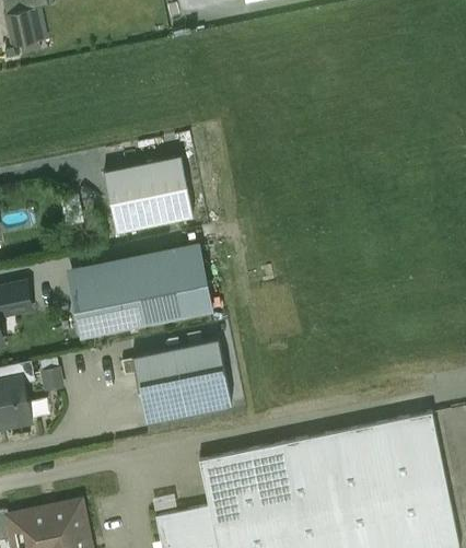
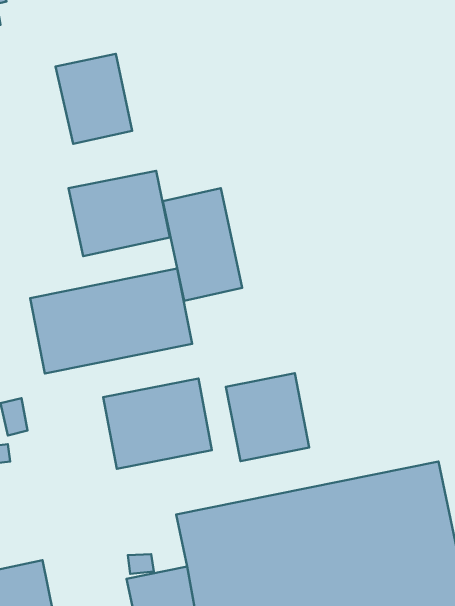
building: none -> [55,54,132,144]
building: none -> [163,188,242,301]
building: none -> [226,373,309,461]

